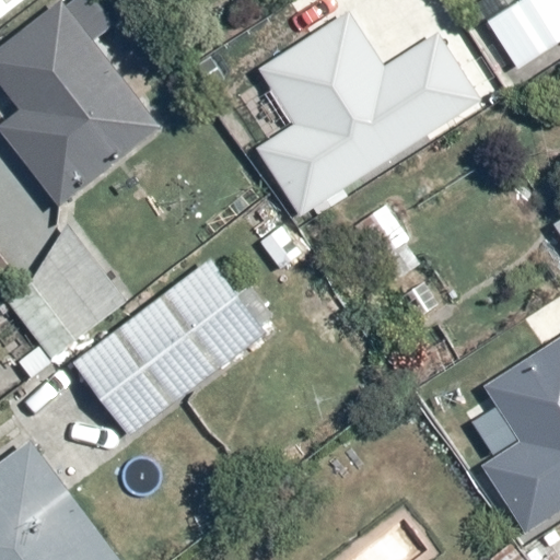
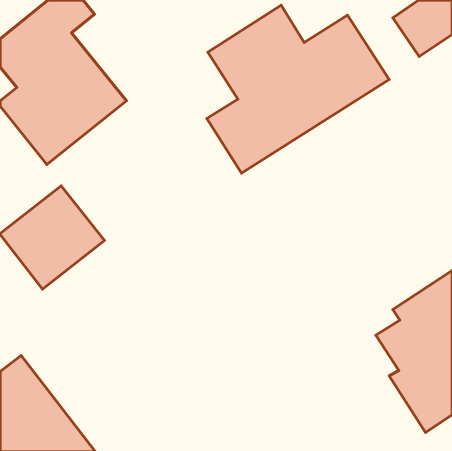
building: [73,260,265,438] -> none

